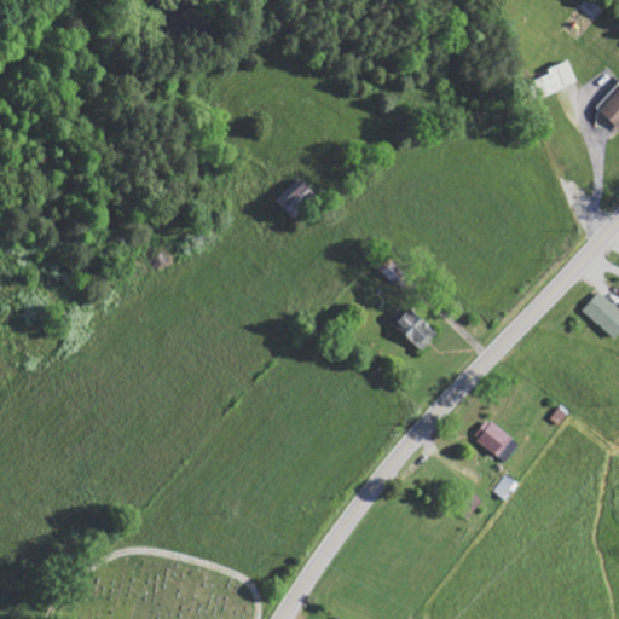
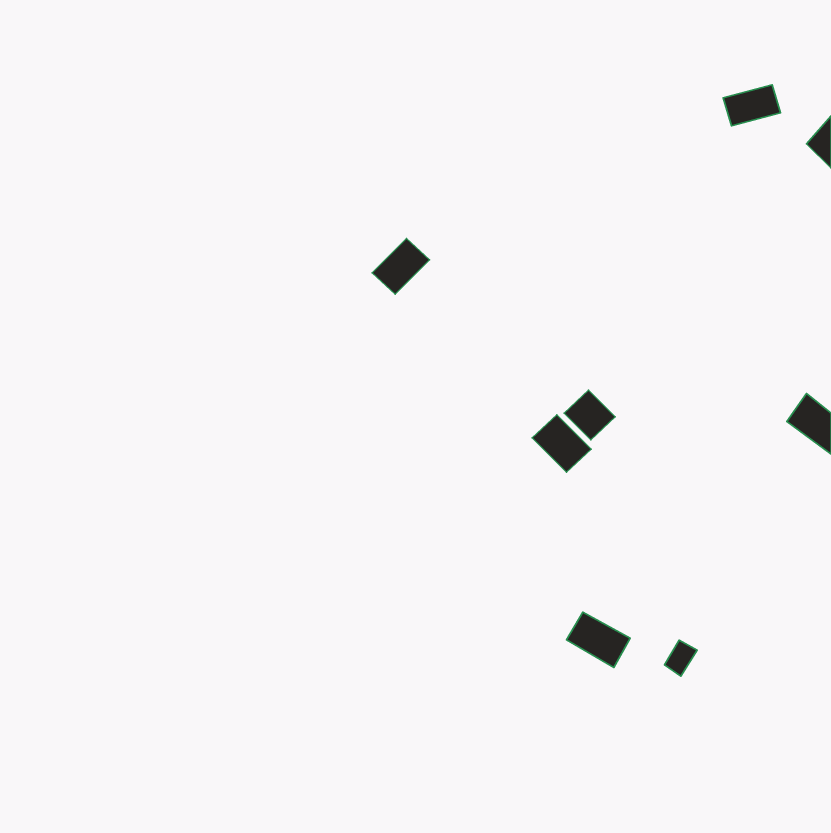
building: none -> [564,390,615,440]
building: [473,421,520,462] -> [567,612,630,668]

